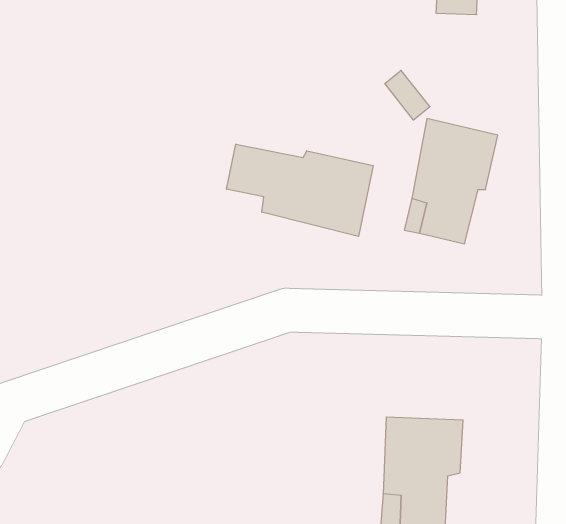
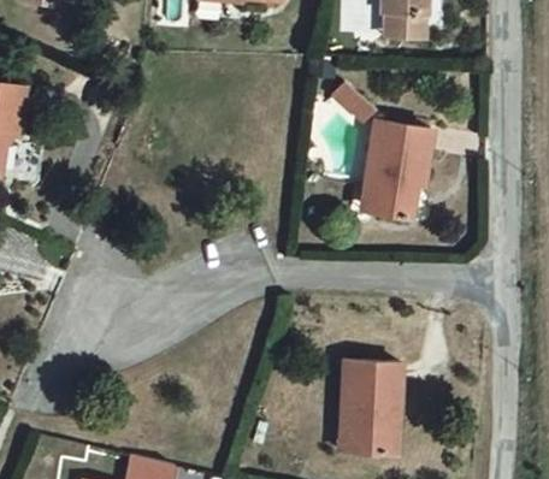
building: [226,144,373,236] -> none

